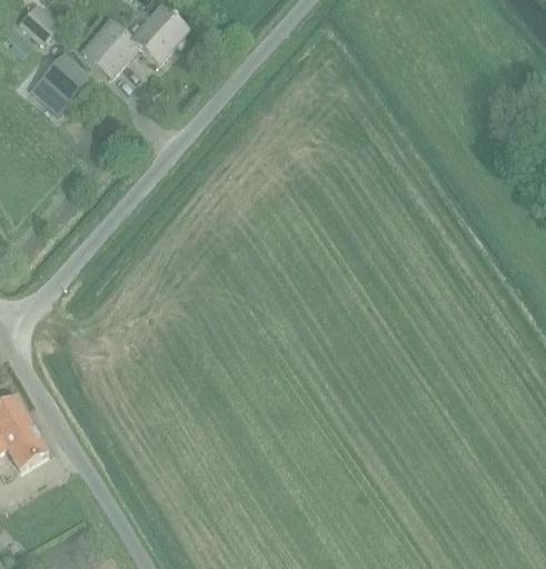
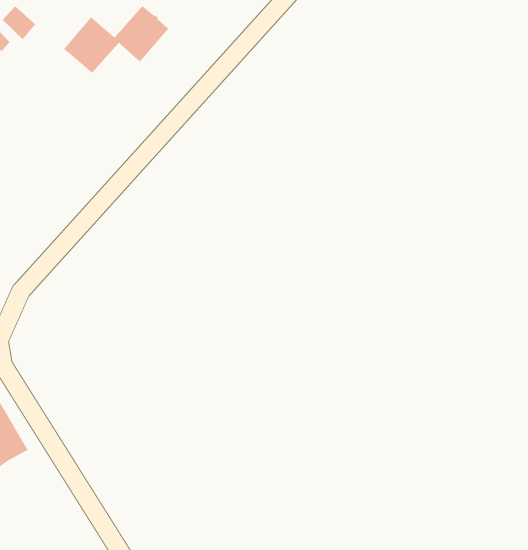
building: [30,50,91,112] -> none

